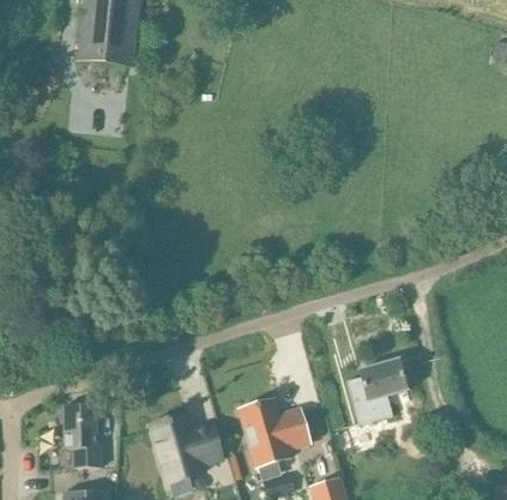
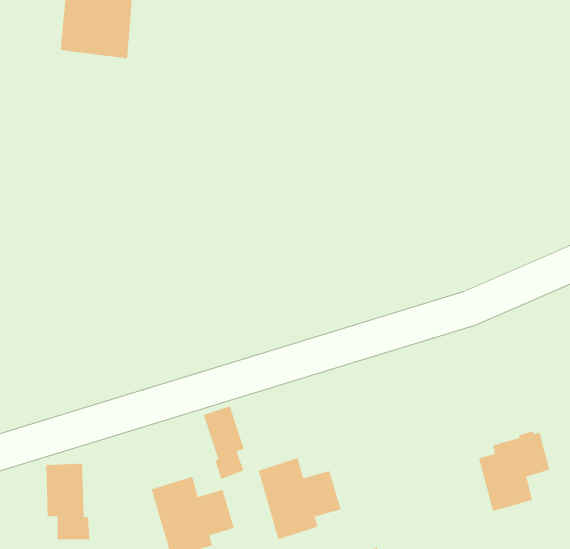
building: none -> [203,406,244,480]
building: [346,357,406,424] -> [478,431,550,512]

